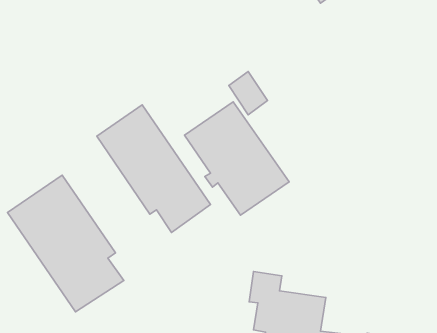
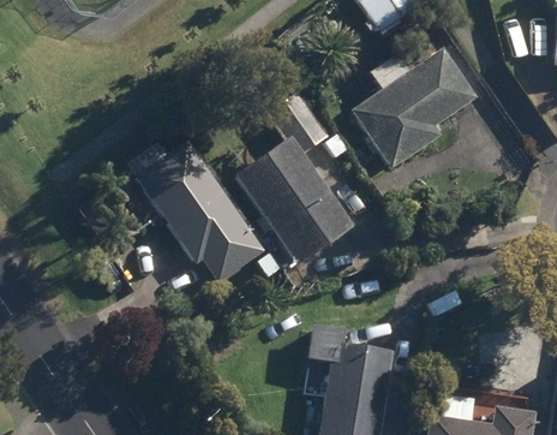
building: none -> [348,48,473,171]
building: [8,175,124,312] -> none

